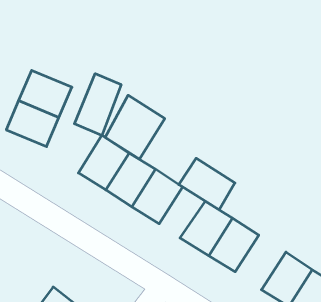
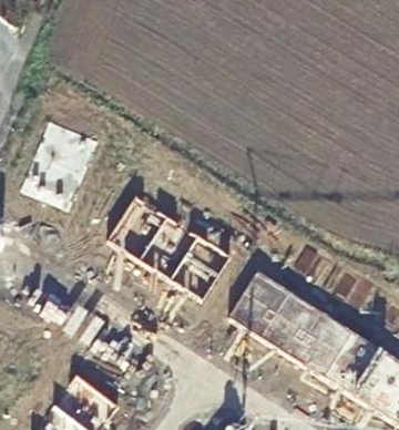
building: [74,74,121,136] -> none
building: [105,95,165,159] -> none
building: [179,158,235,210] -> none
building: none -> [293,314,352,378]

